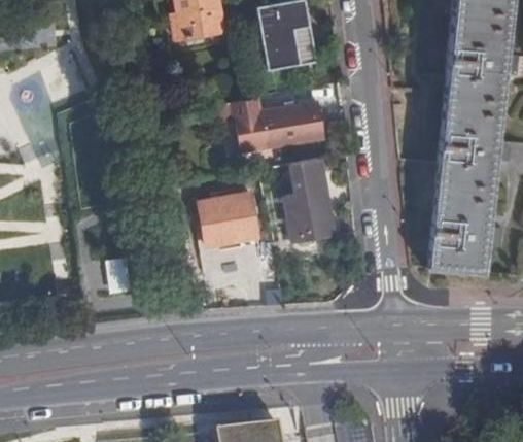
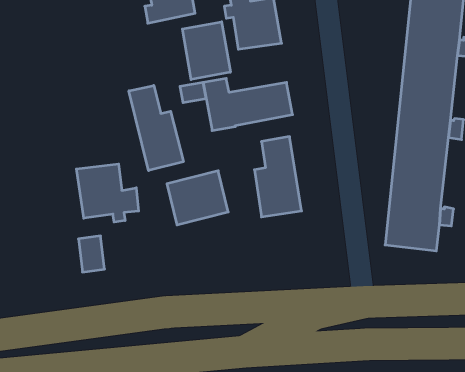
building: none -> [182,22,230,80]
building: none -> [129,85,183,171]
building: none -> [76,164,139,222]

